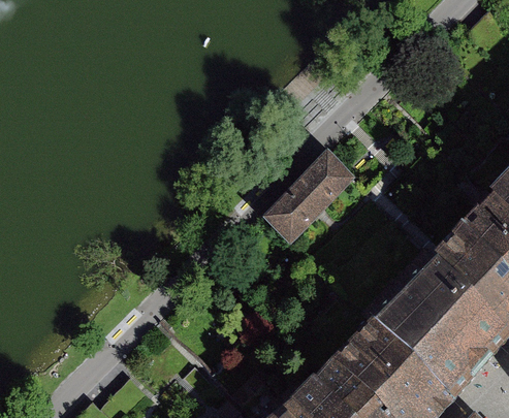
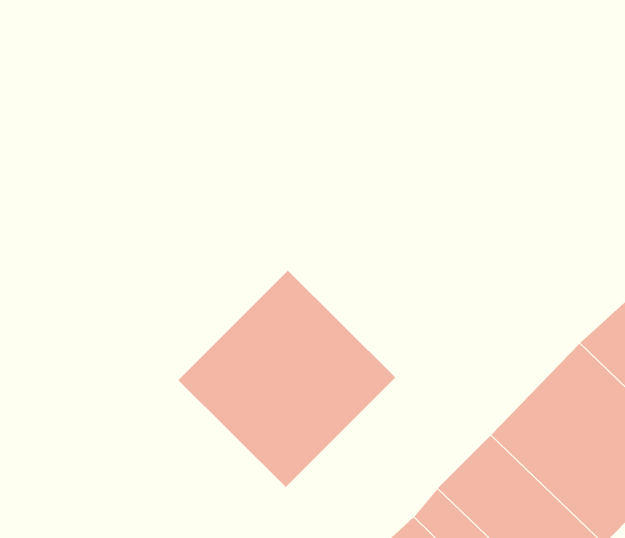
building: [260,149,352,240] -> none
building: none -> [178,270,396,488]

